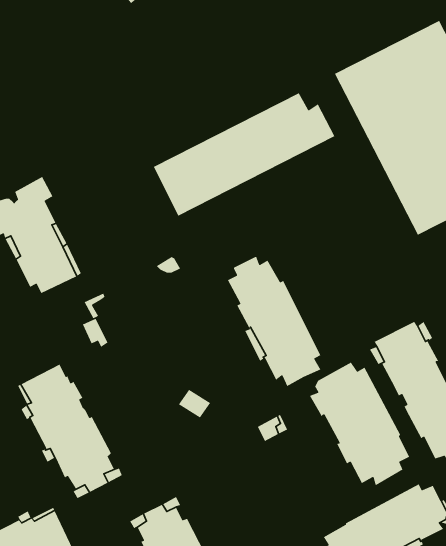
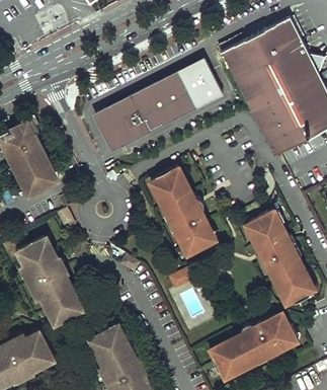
building: none -> [91,58,211,150]
building: [309,362,410,486] -> none

